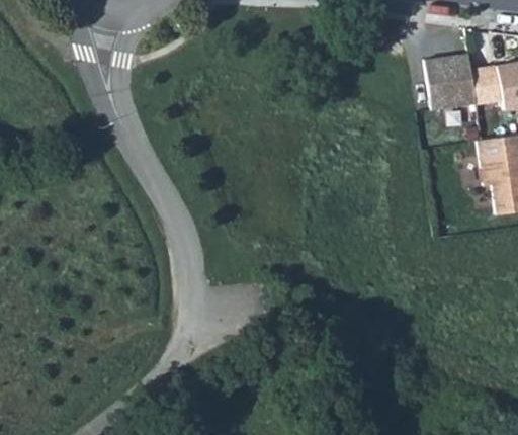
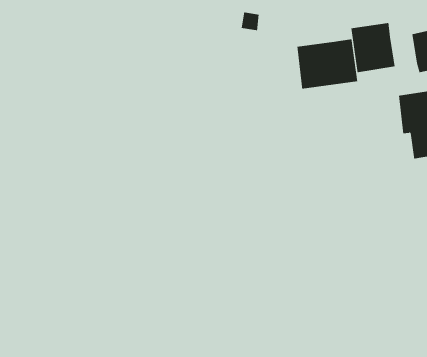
building: [470,68,499,104] -> none
building: none -> [297,38,358,90]

